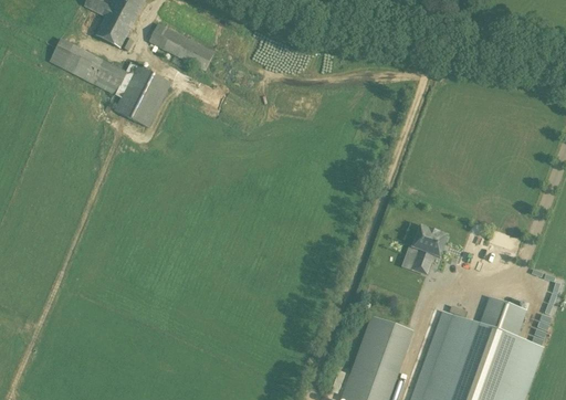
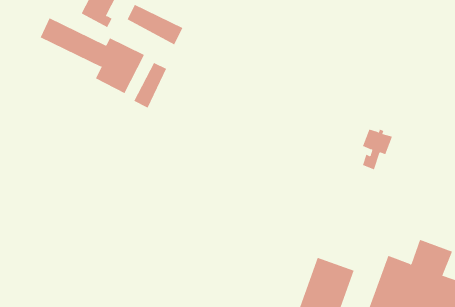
building: none -> [134,62,167,108]
building: [411,225,447,273] -> [362,129,393,170]

